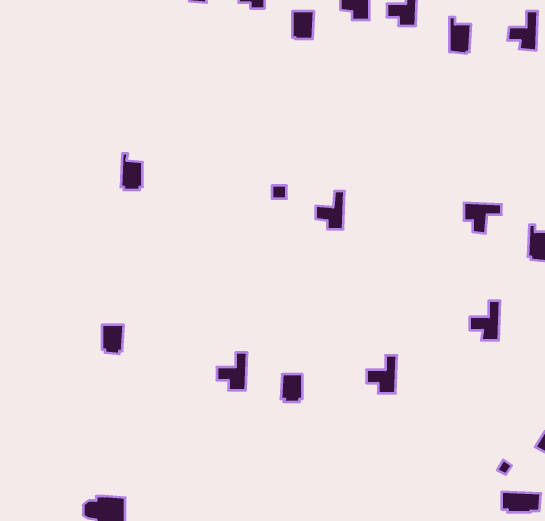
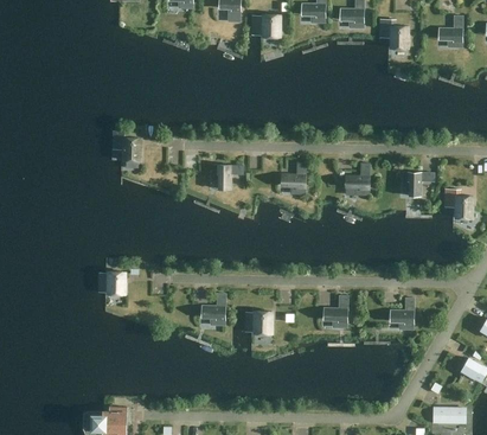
building: none -> [344,162,369,196]
building: none -> [210,165,243,191]
building: [470,301,500,340] -> [389,298,414,330]

